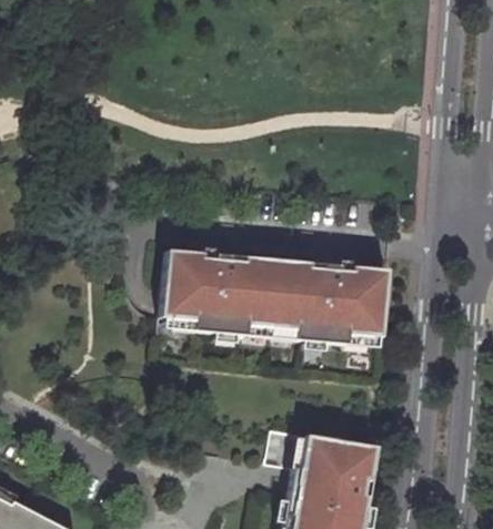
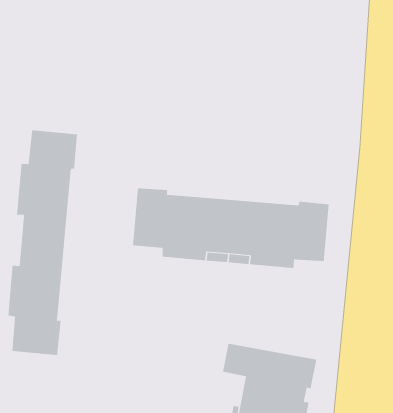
building: none -> [8,130,77,356]

